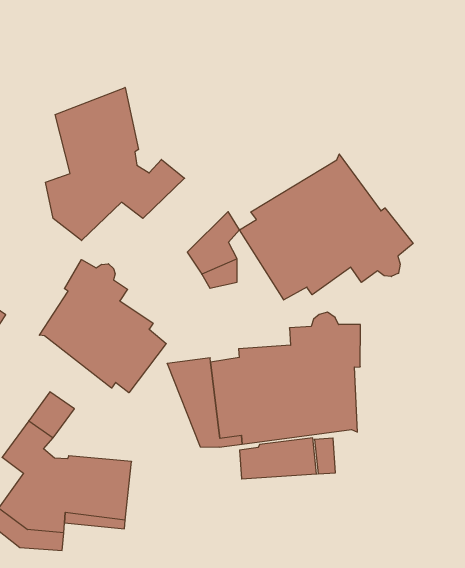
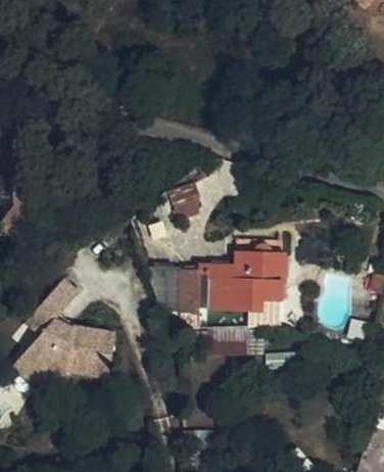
building: [46,87,185,241] -> none
building: [239,154,413,300] -> none
building: [39,260,166,393] -> none

